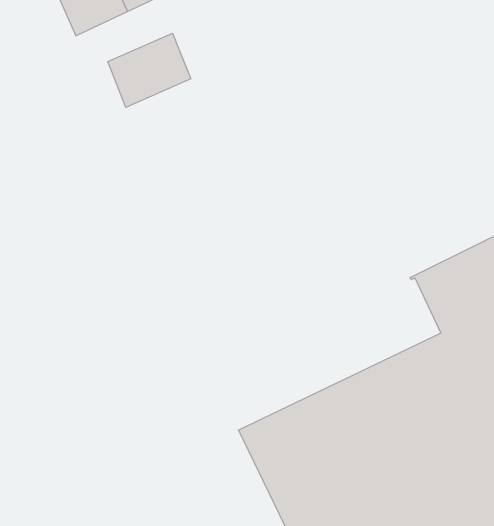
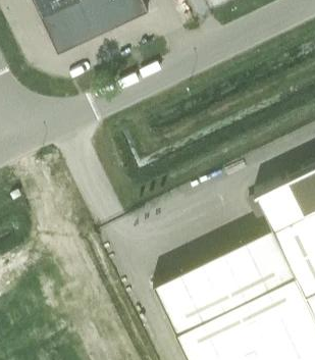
building: [108,33,191,107] -> none

